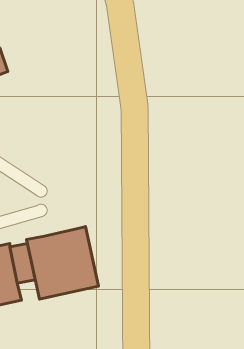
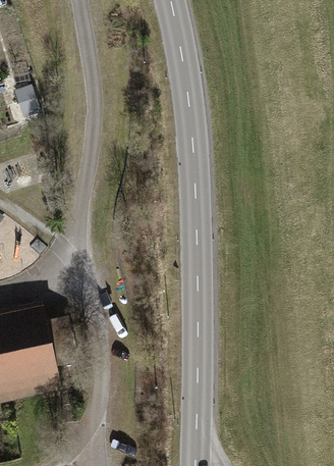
building: [27,226,98,299] -> none

